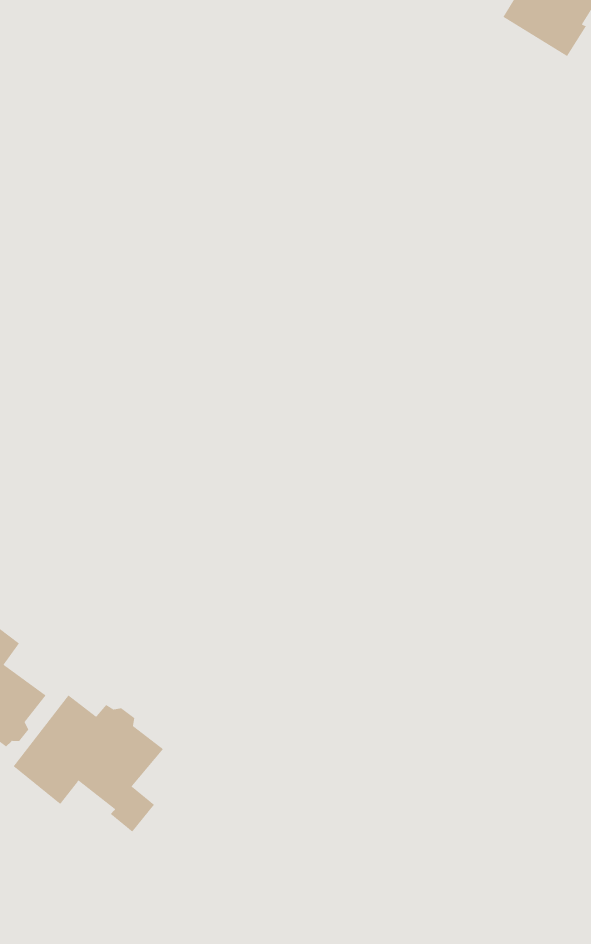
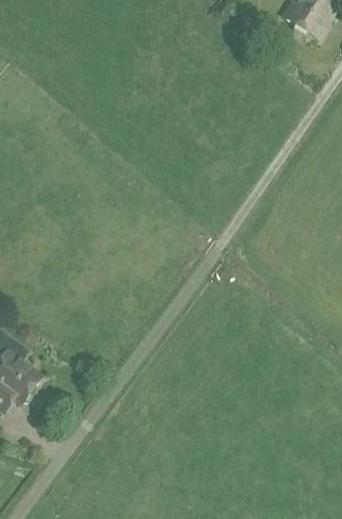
building: [13,694,164,833] -> none

